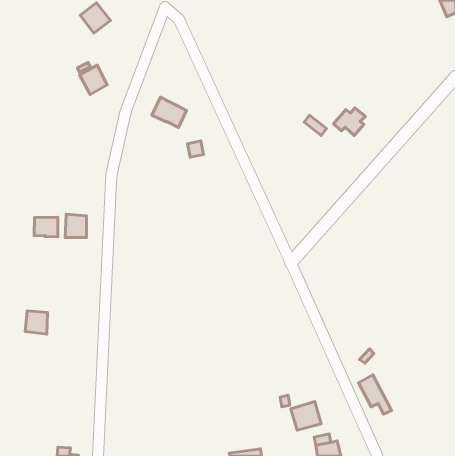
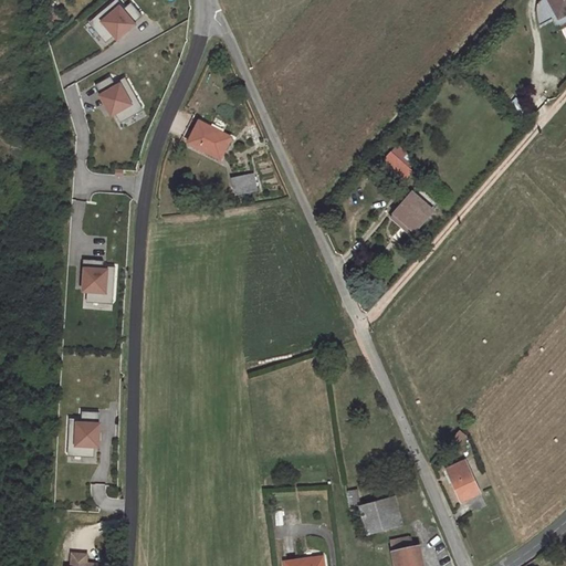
building: [333,108,366,135] -> [390,186,430,220]
building: [34,217,58,237] -> none
building: [25,311,48,334] -> [74,420,102,449]

